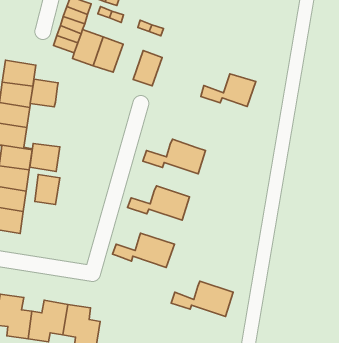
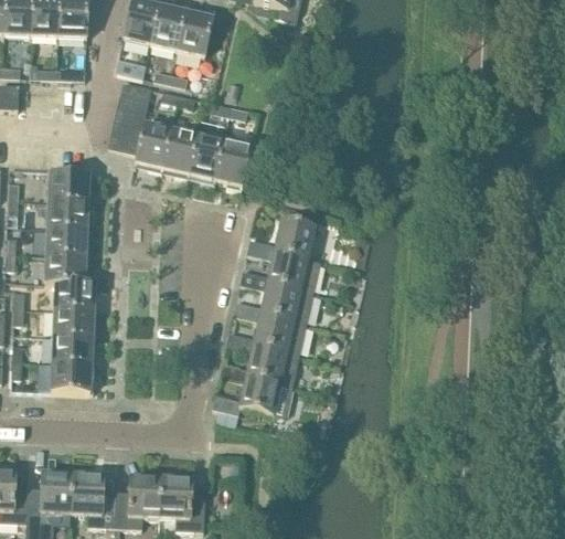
building: none -> [189,134,224,178]
building: [201,74,256,106] -> [246,218,315,257]
building: [30,79,58,107] -> none
building: [30,143,60,171] -> none
building: none -> [232,281,311,321]
building: [35,175,60,204] -> none
building: [171,281,233,316] -> [218,342,297,384]

